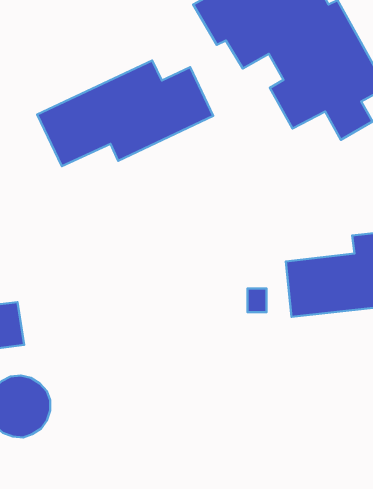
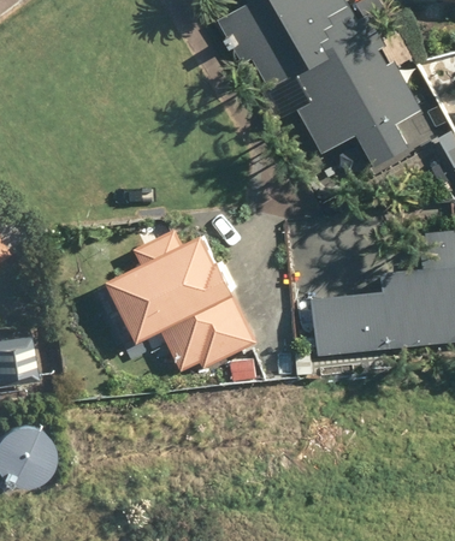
building: [37,61,213,166] -> none
building: none -> [107,233,258,373]

